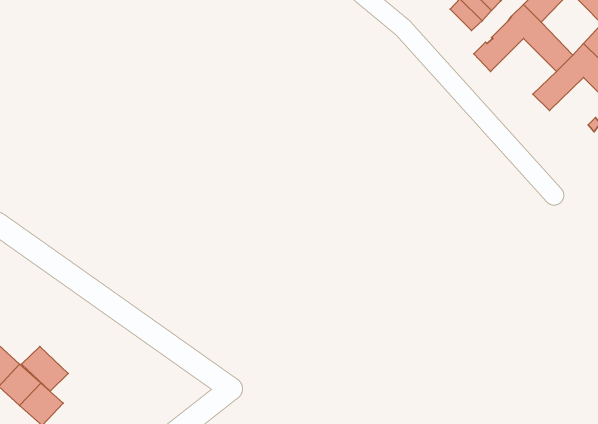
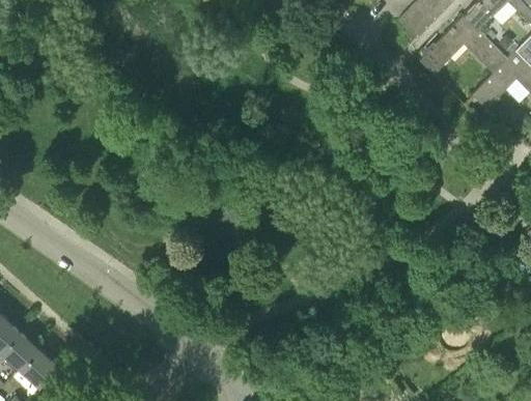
building: [22,347,68,391] -> none

